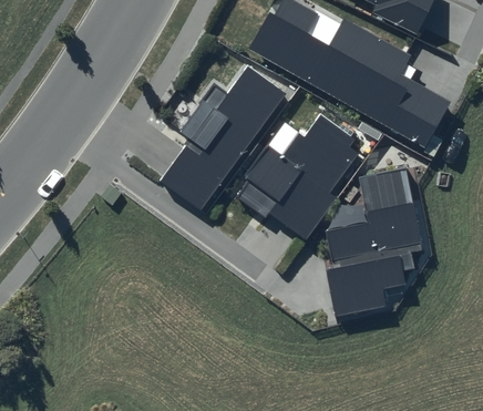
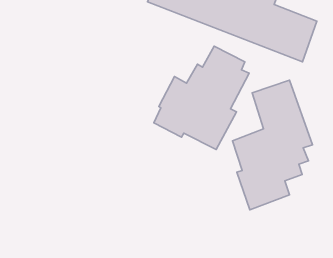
building: [161,66,286,209] -> none

